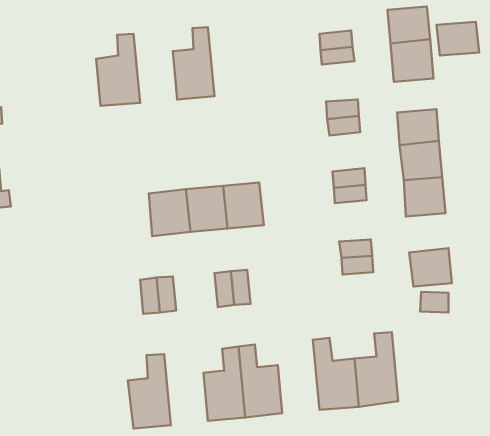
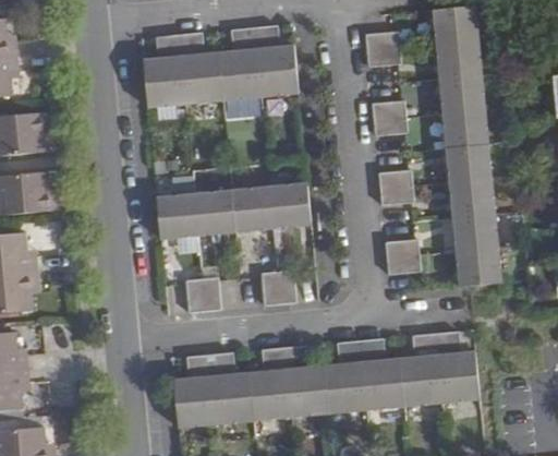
building: [436,22,479,56] -> [439,80,482,113]
building: none -> [254,26,296,97]
building: none -> [180,34,223,104]
building: none -> [156,194,198,240]
building: none -> [451,214,494,253]
building: none -> [437,331,480,401]
building: none -> [324,340,365,413]
building: none -> [210,353,254,425]

